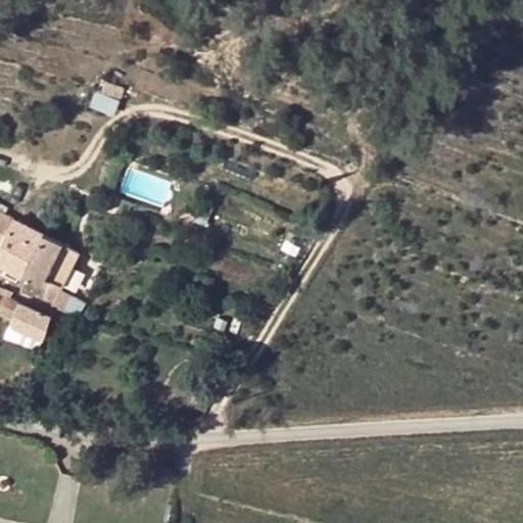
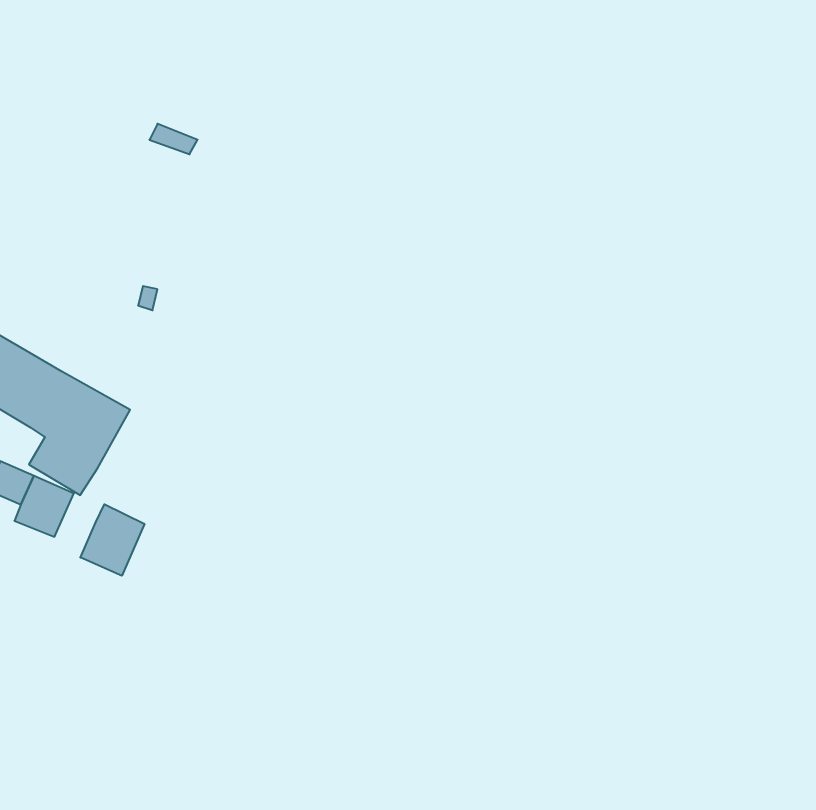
building: none -> [80,504,144,576]

